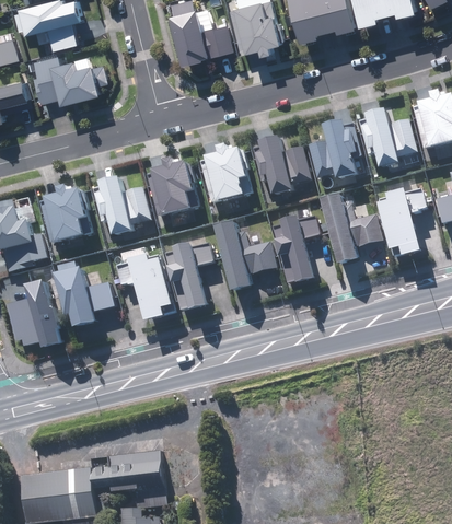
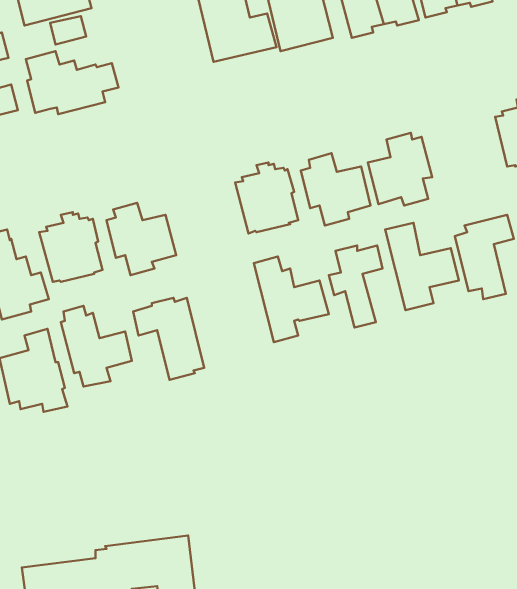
building: [359,109,417,168] -> none
building: [146,158,197,216] -> none
building: [169,244,212,311] -> none

